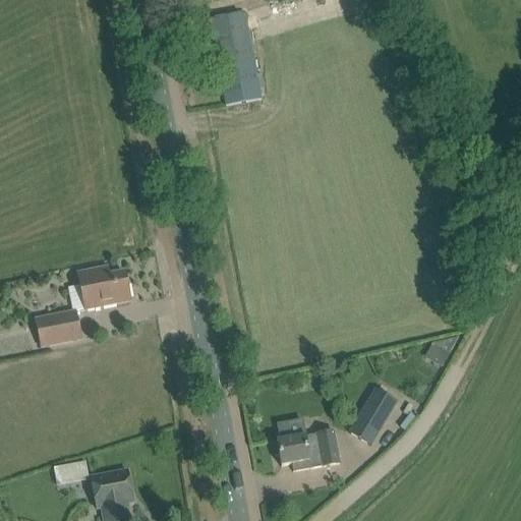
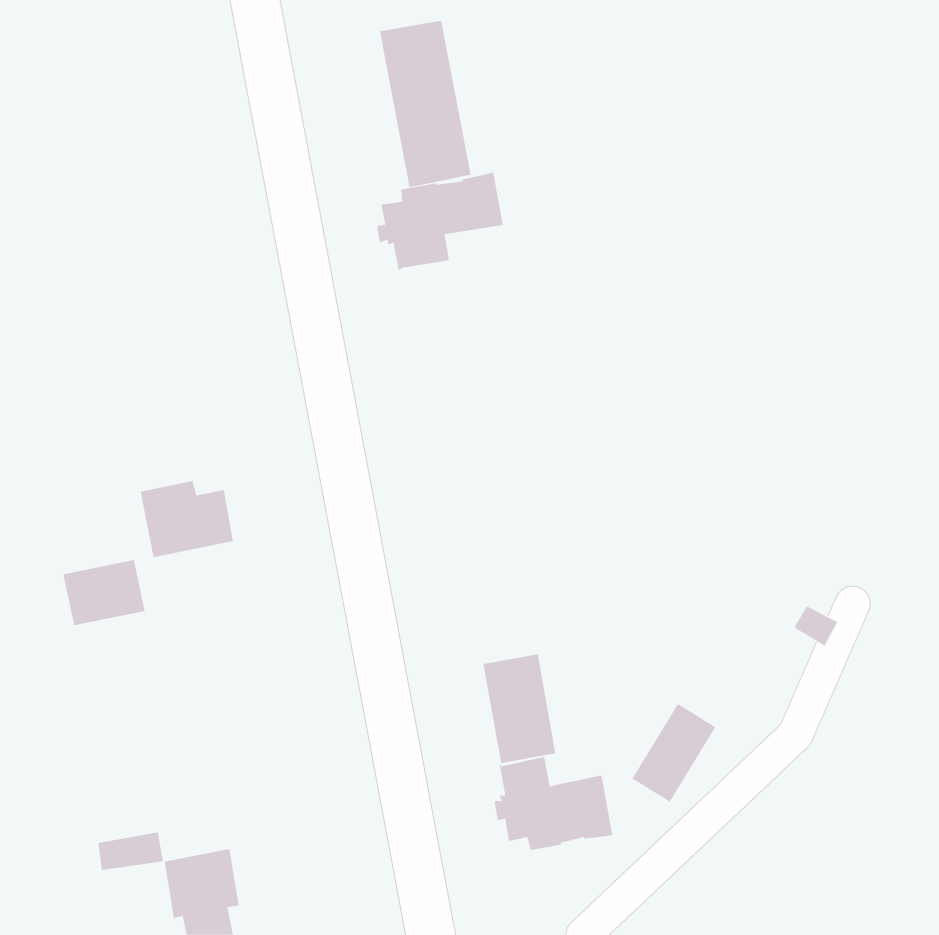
building: none -> [376,172,503,271]
building: none -> [483,653,556,764]

